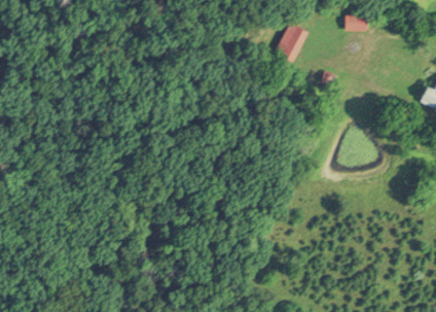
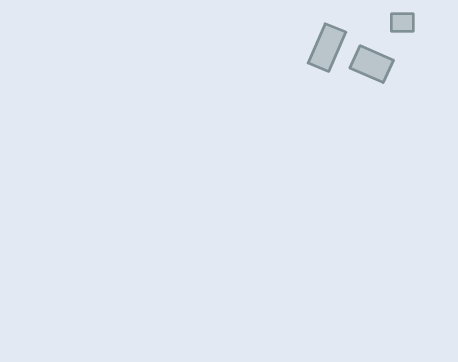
building: none -> [350,46,393,83]

